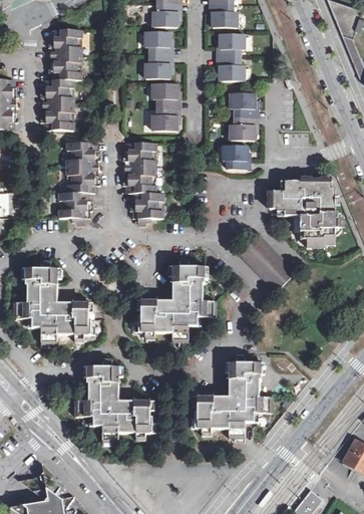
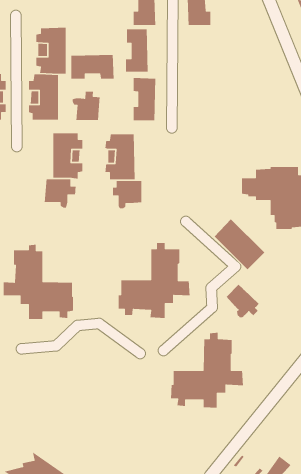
building: [219,34,244,80] -> none
building: none -> [71,54,114,79]
building: [230,93,254,142] -> none
building: none -> [72,91,101,121]
building: [222,146,246,170] -> none
building: none -> [226,284,259,318]
building: [74,360,150,442] -> none

